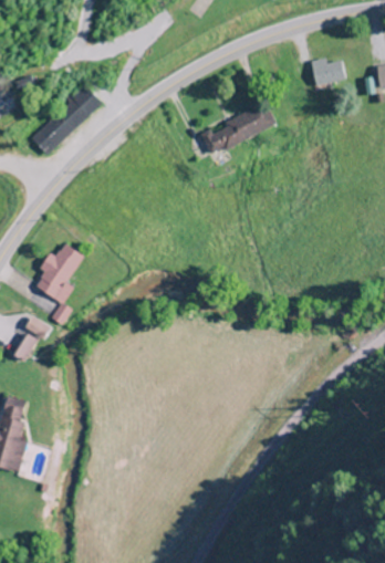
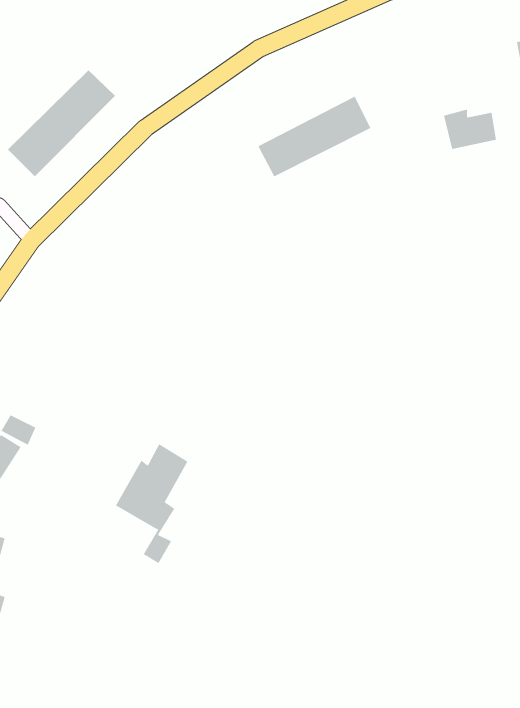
building: [310,58,346,85] -> [443,109,497,150]
building: [33,243,83,325] -> [115,444,188,564]

